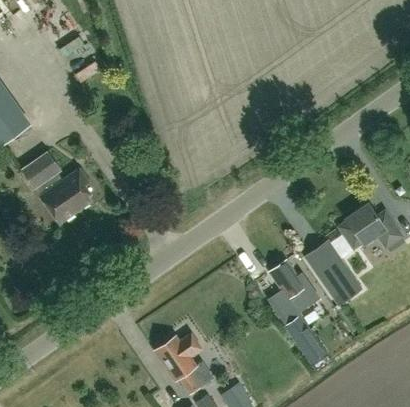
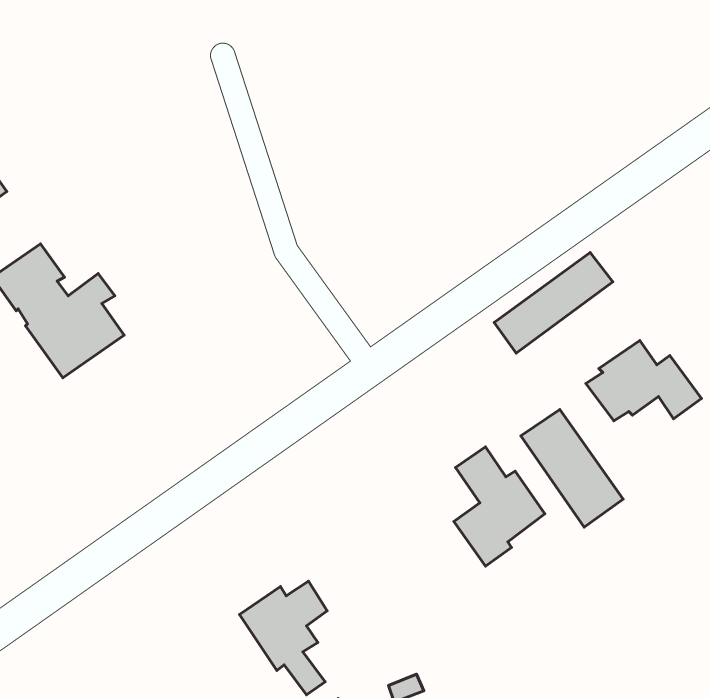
building: none -> [494,253,613,353]
building: [283,315,327,365] -> none

